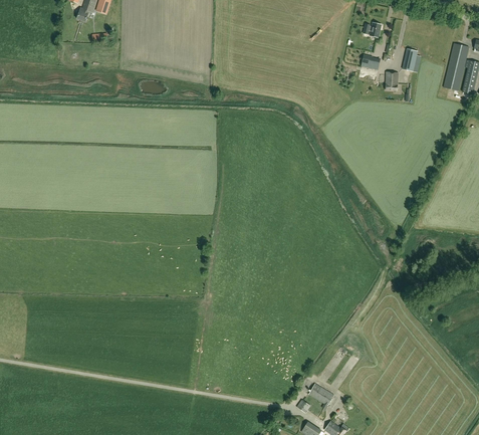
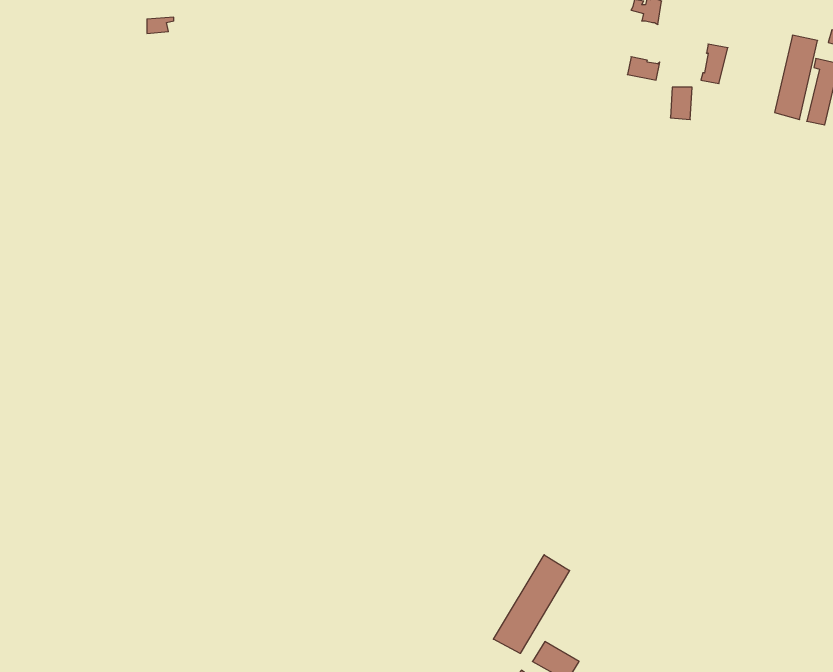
building: none -> [493,555,570,653]

